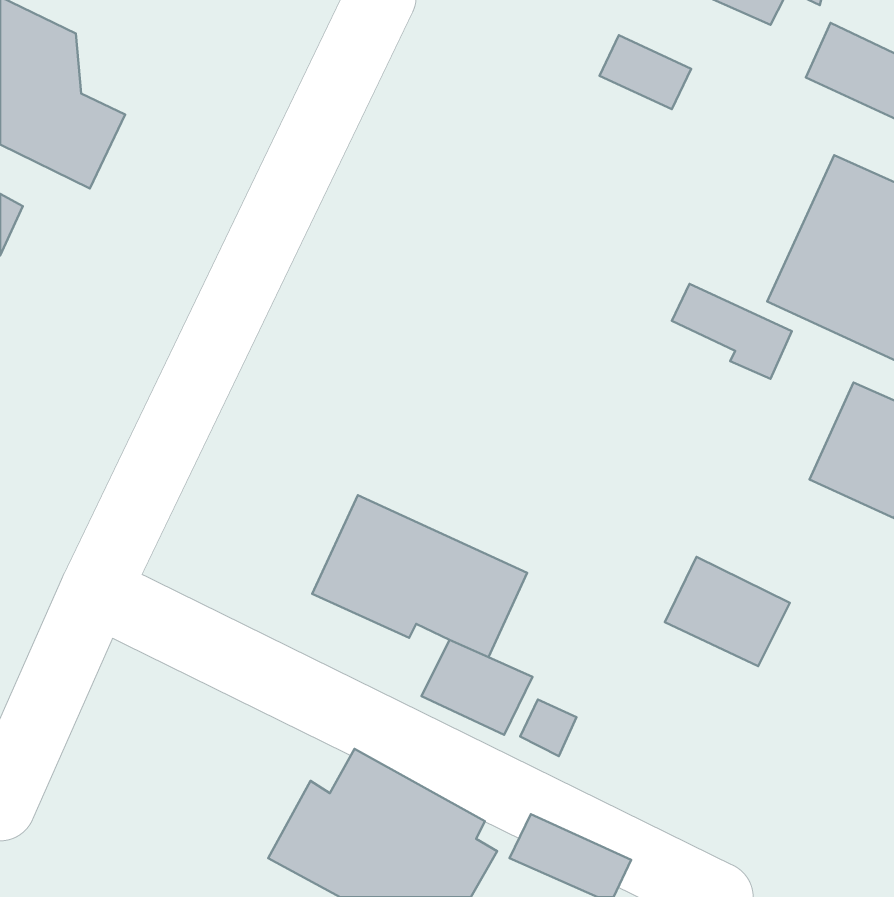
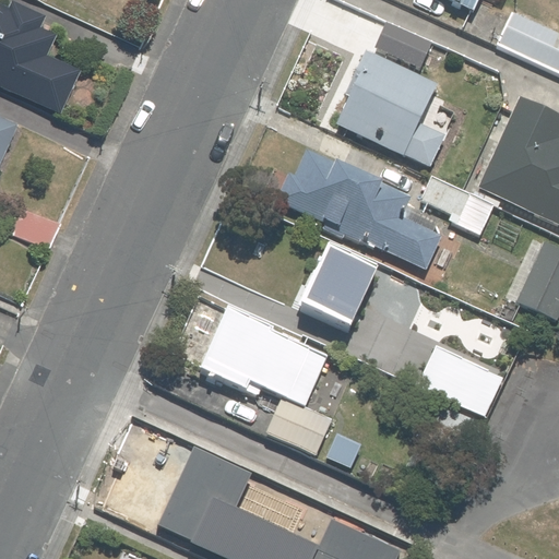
building: none -> [335,50,447,166]
building: none -> [264,150,442,269]
building: none -> [296,245,374,328]

